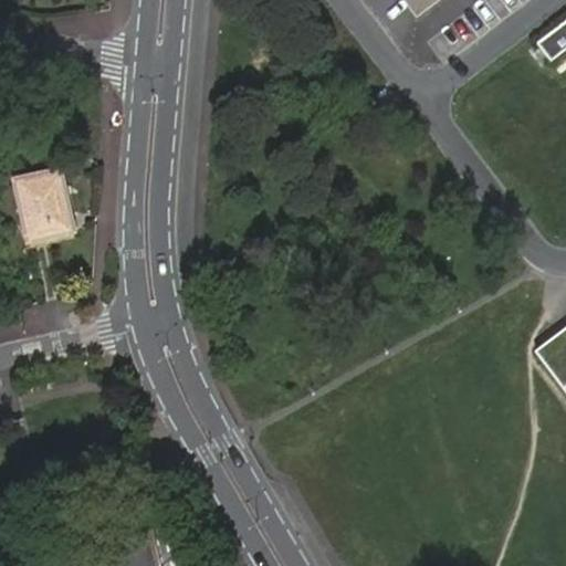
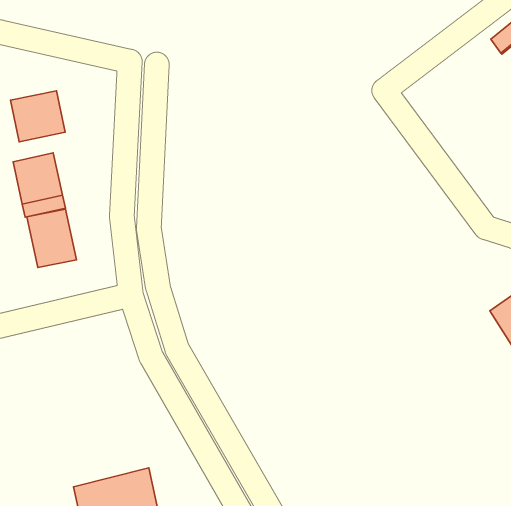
building: none -> [10,91,65,142]
building: none -> [27,209,76,268]

